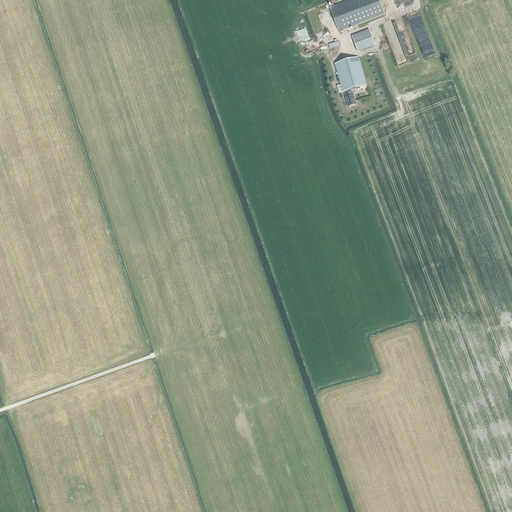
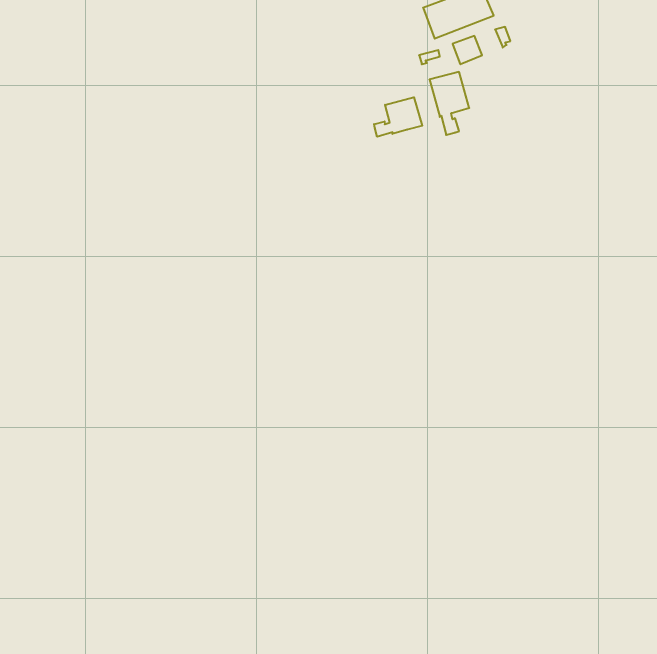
building: none -> [374,97,422,137]

